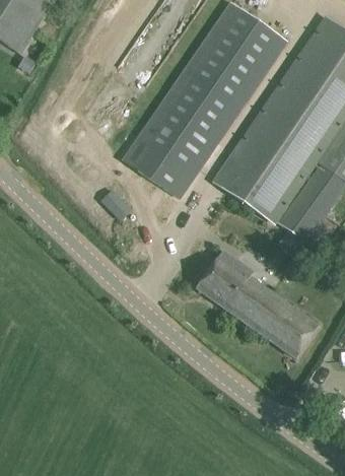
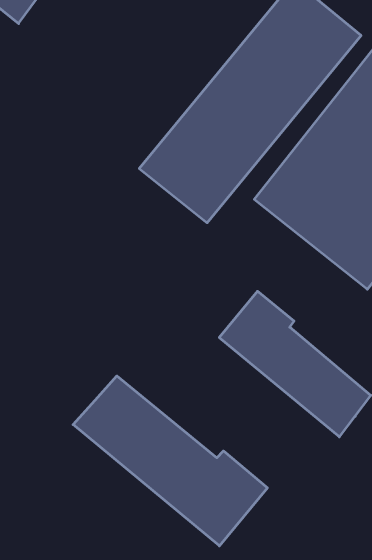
building: [101,184,134,220] -> none
building: none -> [73,376,267,546]

